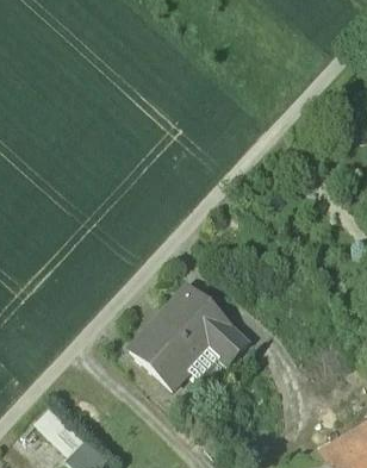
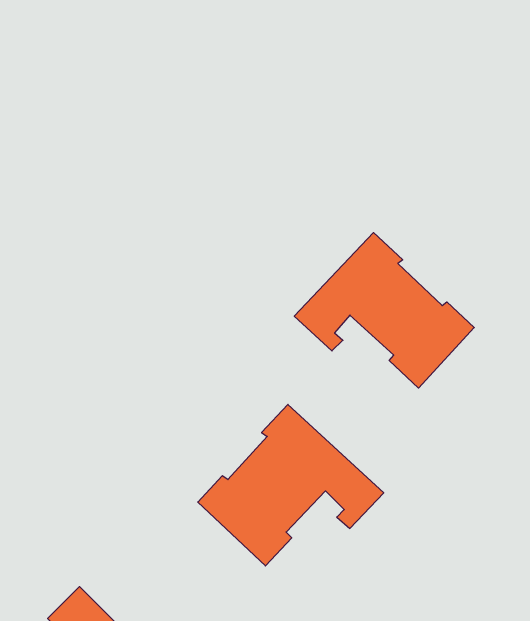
building: none -> [294,233,474,388]

